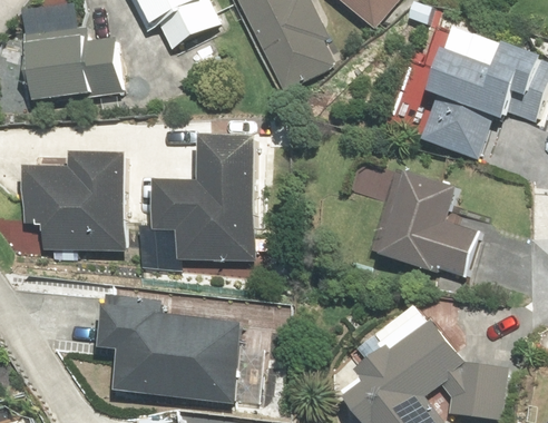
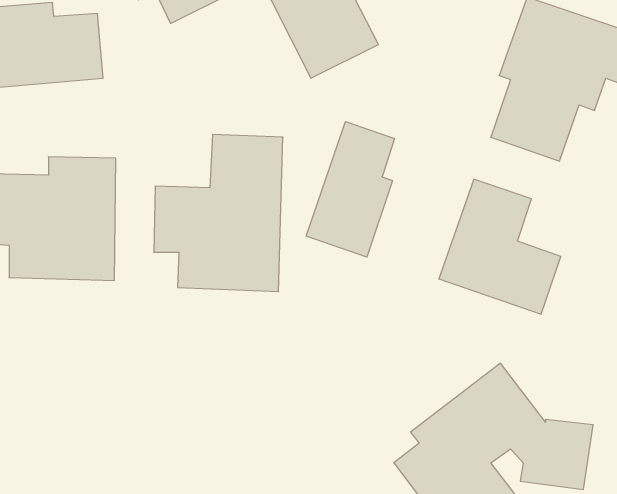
building: none -> [306,122,394,257]
building: [99,292,244,402] -> none

